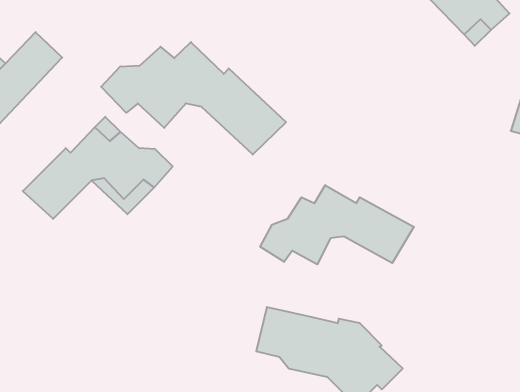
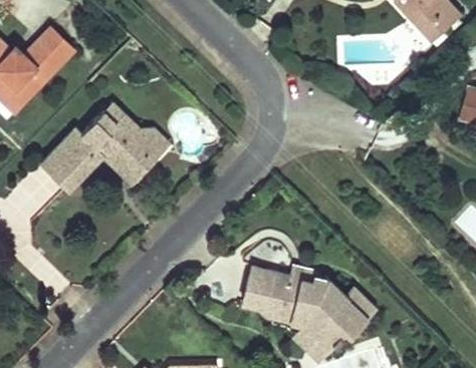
building: [101,42,286,155] -> none
building: [260,185,414,264] -> none

